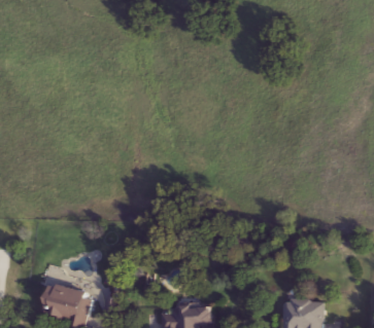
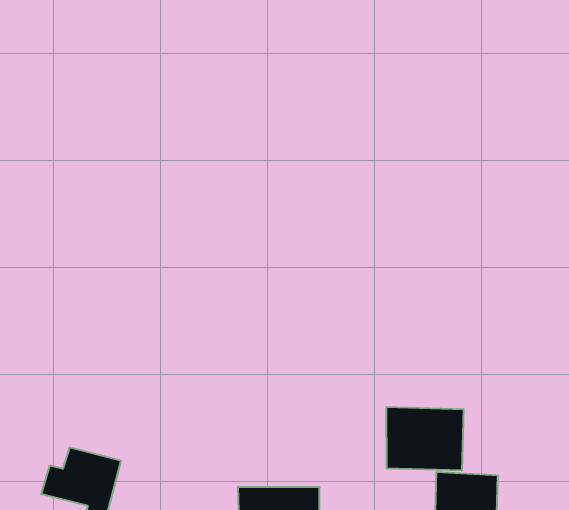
building: none -> [387,407,464,471]

